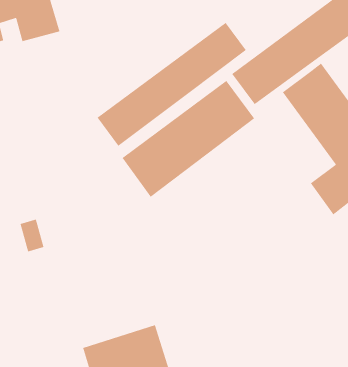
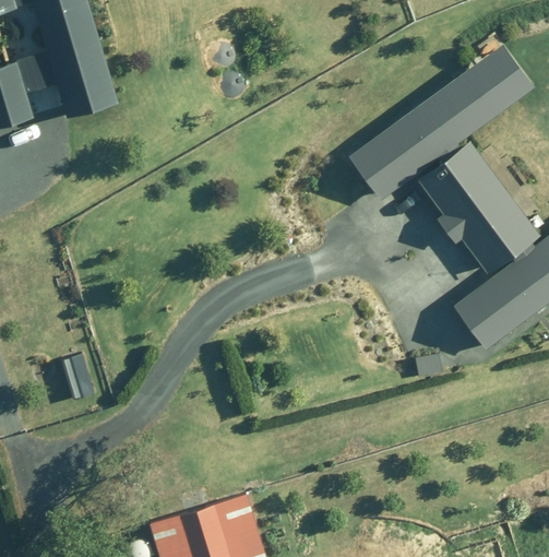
building: [97,22,247,147] -> none
building: [121,80,255,198] -> none

